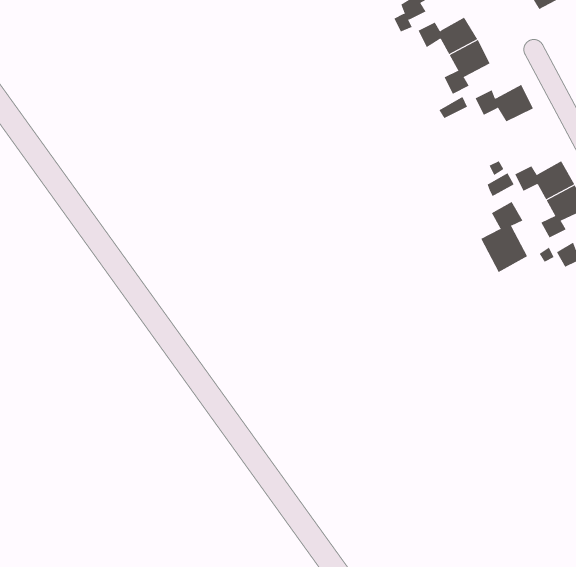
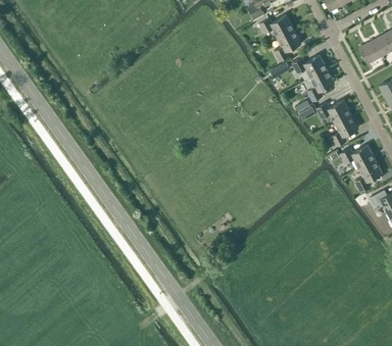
building: none -> [302,69,334,101]
building: [480,201,528,273] -> none

